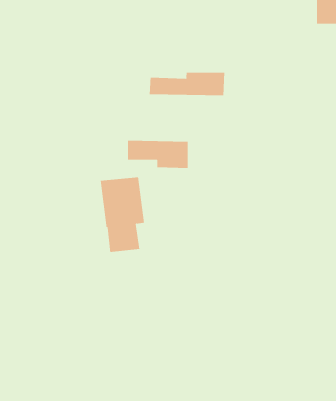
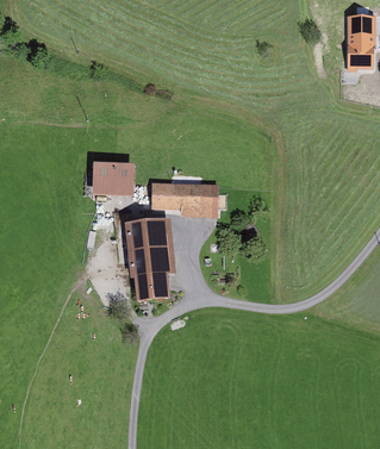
building: [149,72,225,96] -> none
building: none -> [93,163,132,193]

